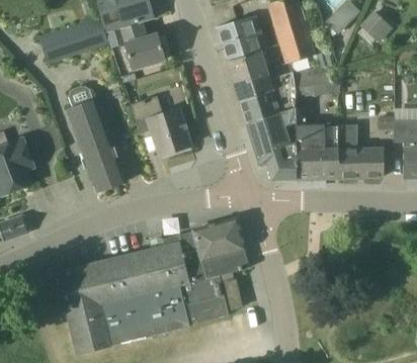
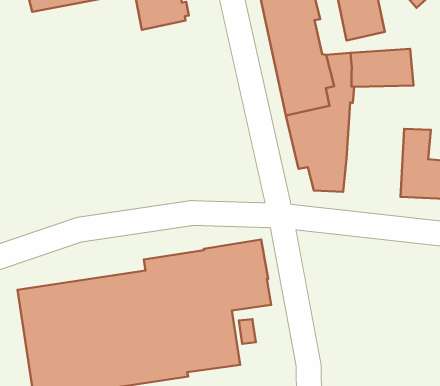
building: [130,96,190,155] -> none
building: [67,98,126,192] -> none
building: [294,110,338,179] -> none

